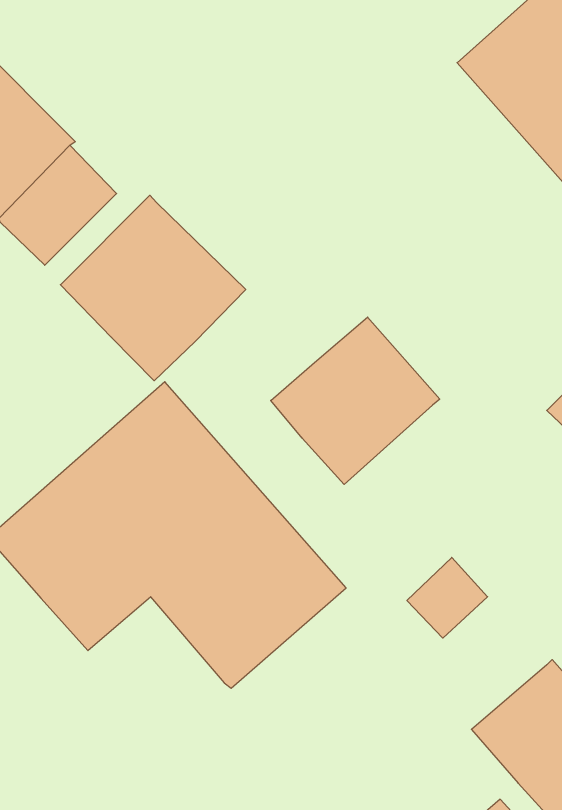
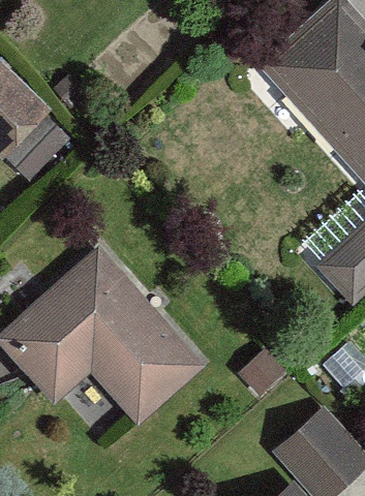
building: [60,195,246,381] -> none
building: [271,317,440,484] -> none

